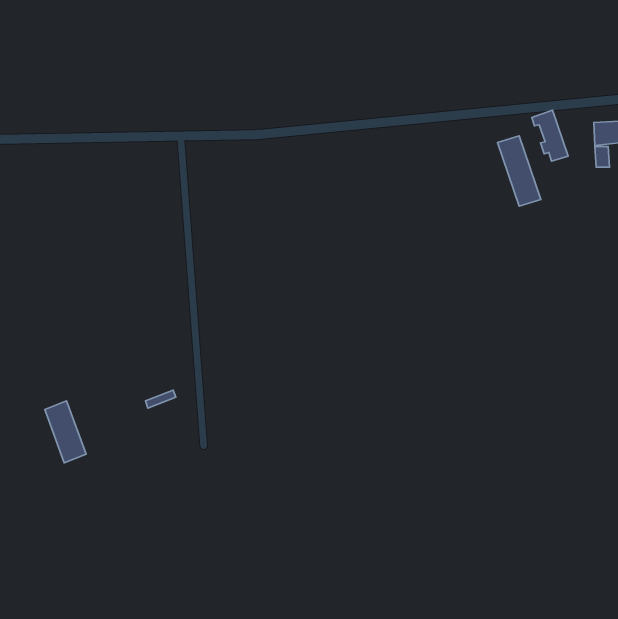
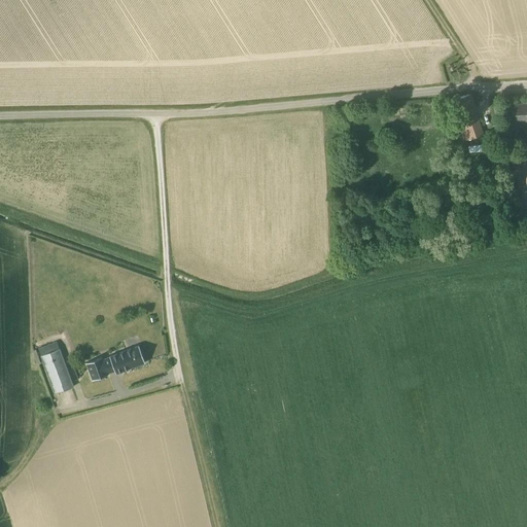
building: [498,136,541,206] -> none
building: none -> [86,345,146,379]

